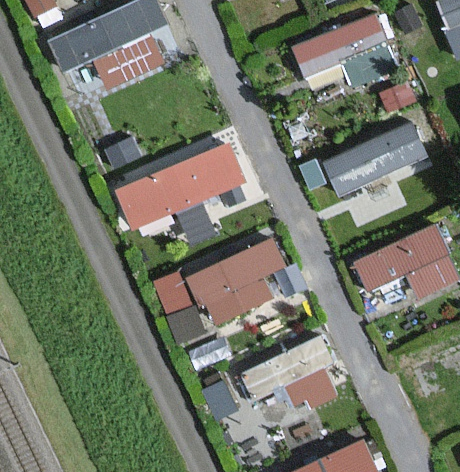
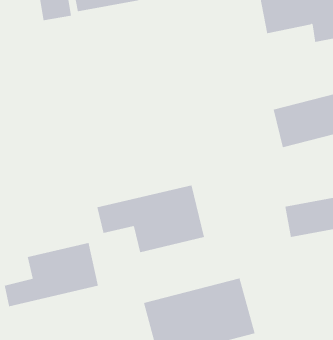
building: [114,144,248,224] -> none
building: none -> [4,242,98,307]

